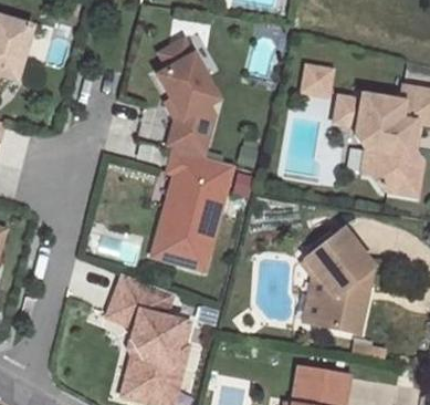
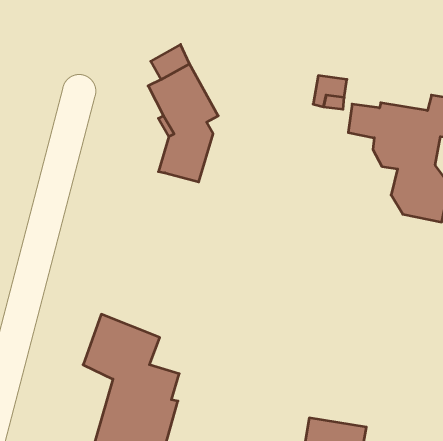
building: [155,154,235,276] -> none
building: [303,229,367,334] -> none

